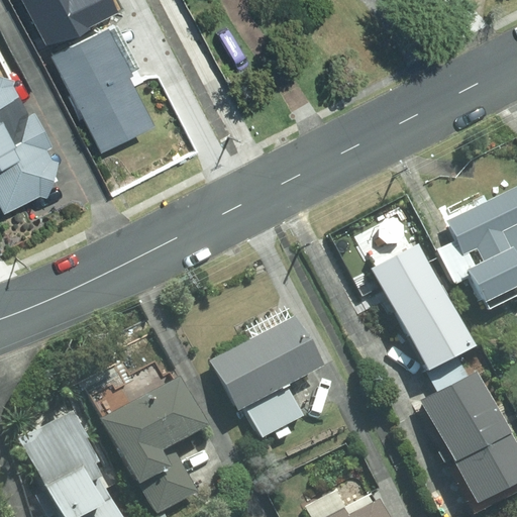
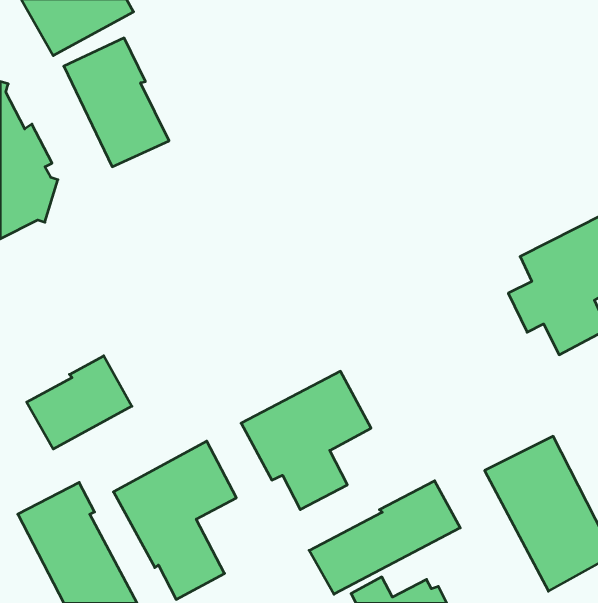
building: [372,244,473,372] -> none
building: none -> [27,356,132,449]
building: none -> [309,481,460,594]

